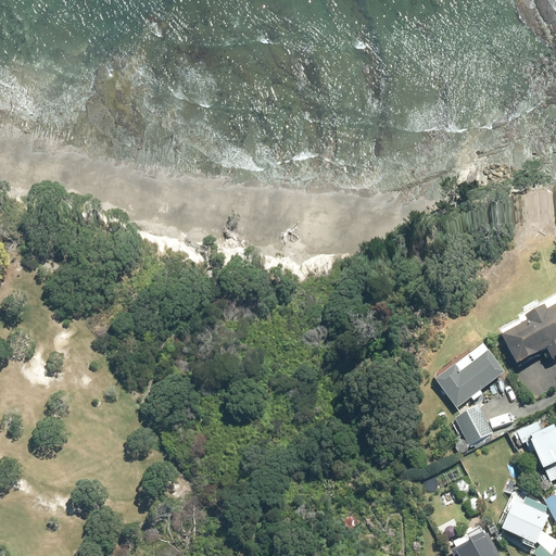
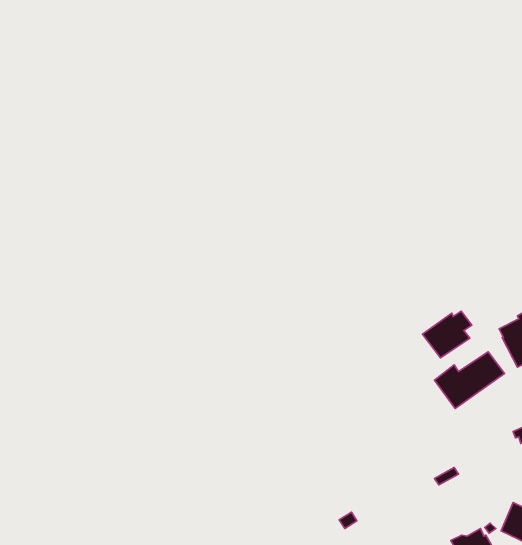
building: none -> [423,311,472,358]
building: [455,404,493,443] -> none

